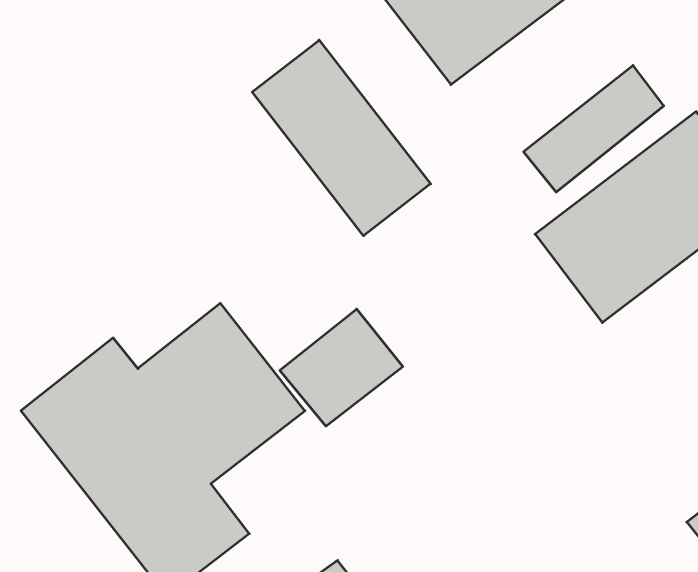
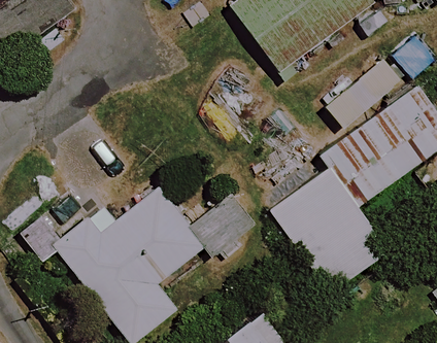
building: [252,40,431,236] -> none
building: none -> [278,172,386,285]

